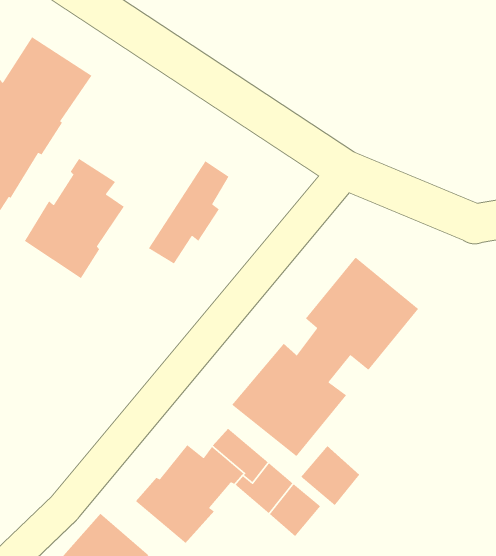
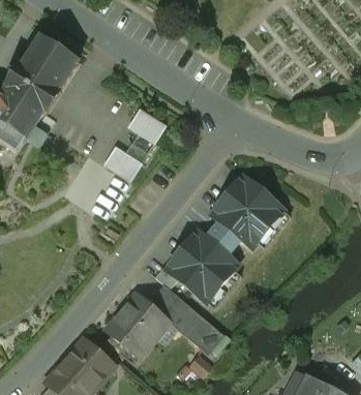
building: [24,158,125,279] -> none
building: [300,445,360,506] -> none

